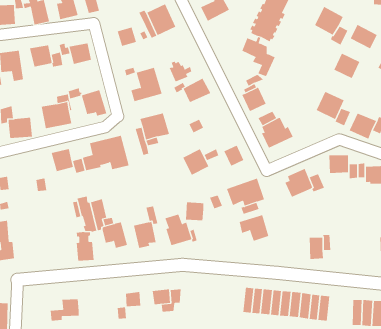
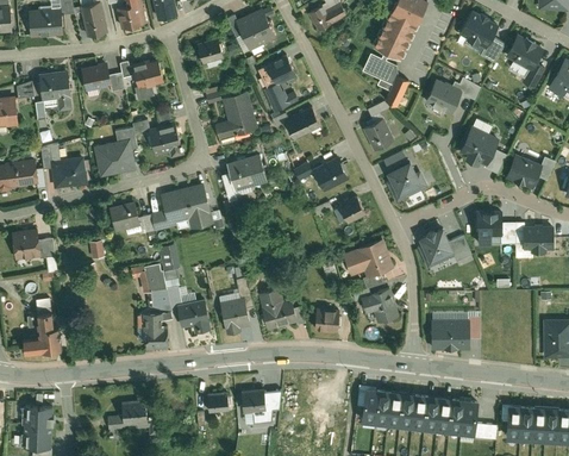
building: none -> [262,55,296,87]
building: [333,53,360,79] -> [425,79,461,113]
building: [182,149,209,175] -> [313,156,349,192]
building: [185,202,204,221] -> [313,307,338,332]
building: none -> [433,319,452,349]

